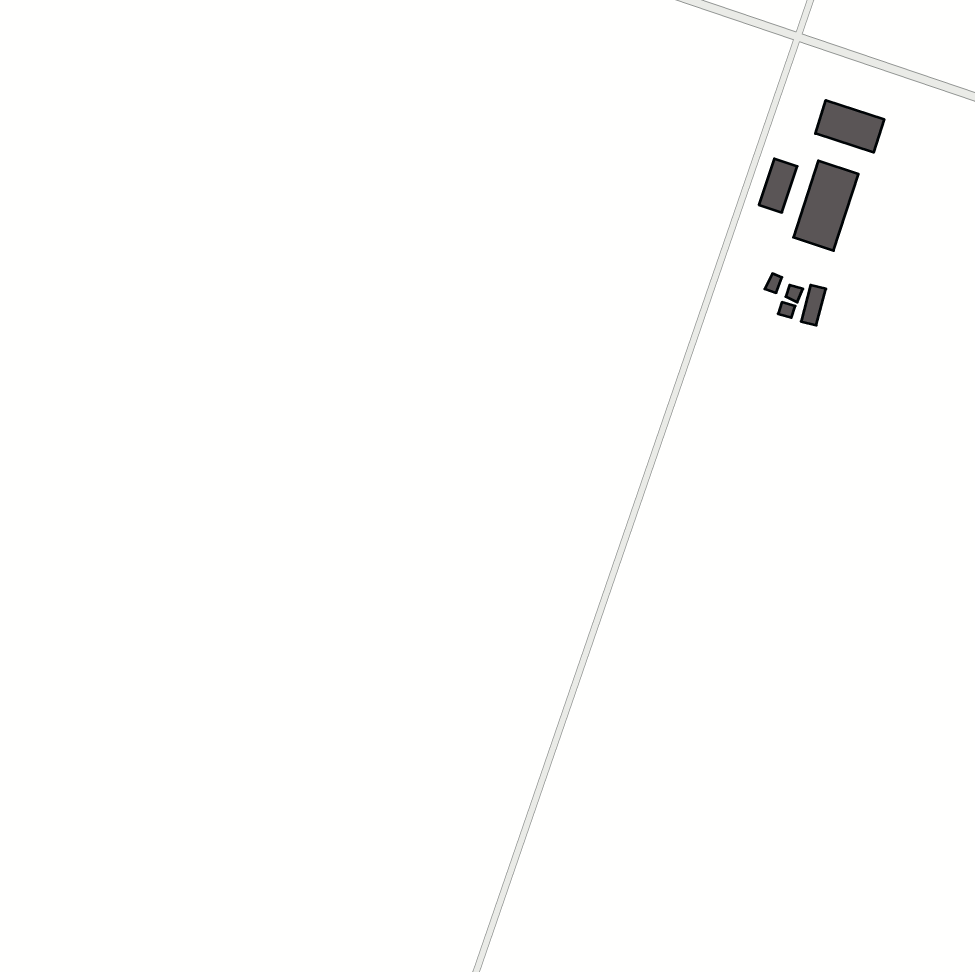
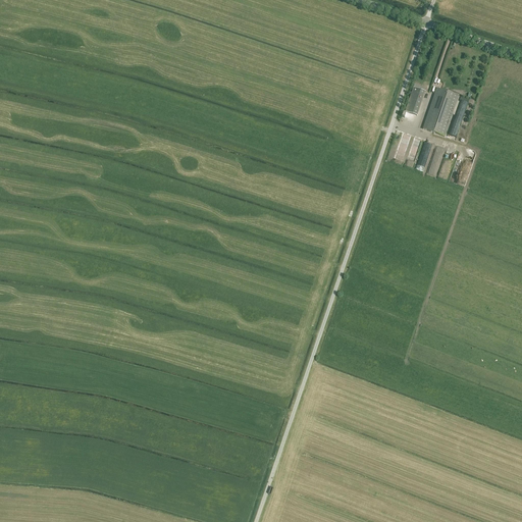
building: [815,100,884,152] -> none

